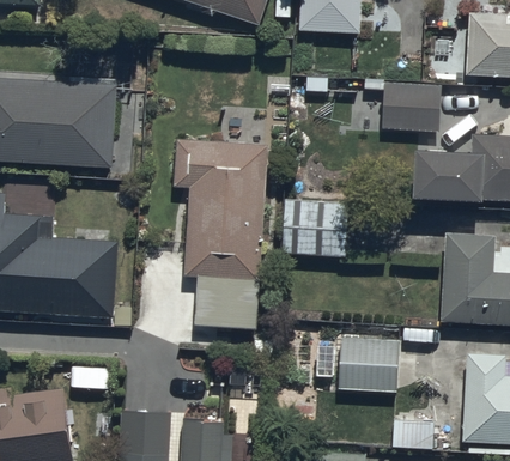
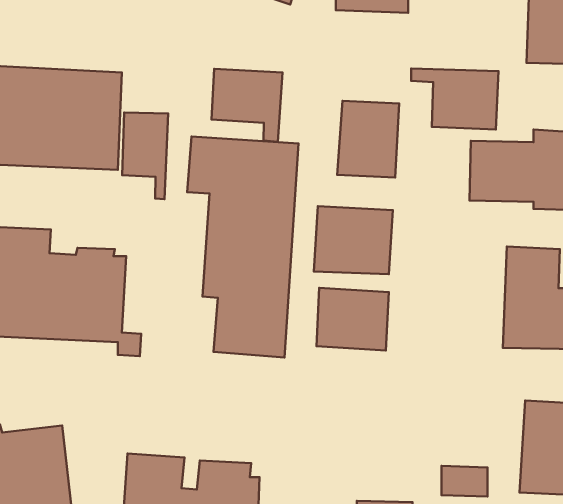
building: none -> [212,69,282,142]
building: none -> [337,101,399,178]
building: none -> [122,113,168,199]
building: [336,340,399,394] -> [316,288,389,350]

